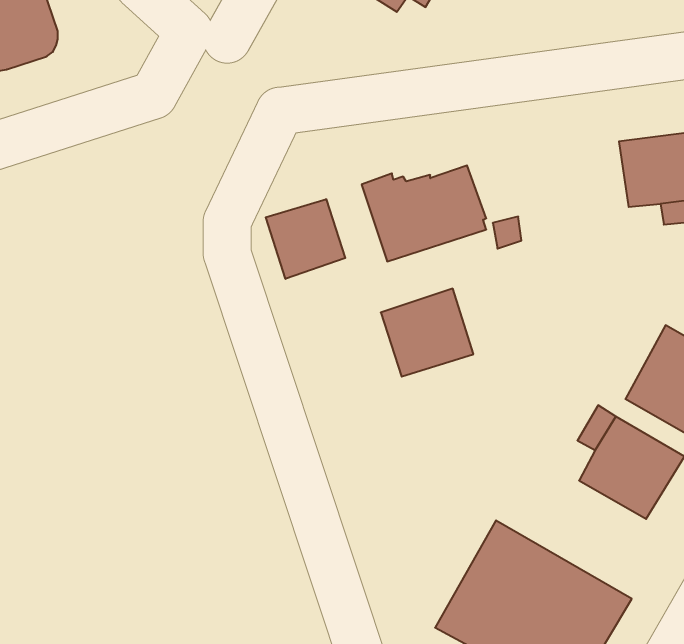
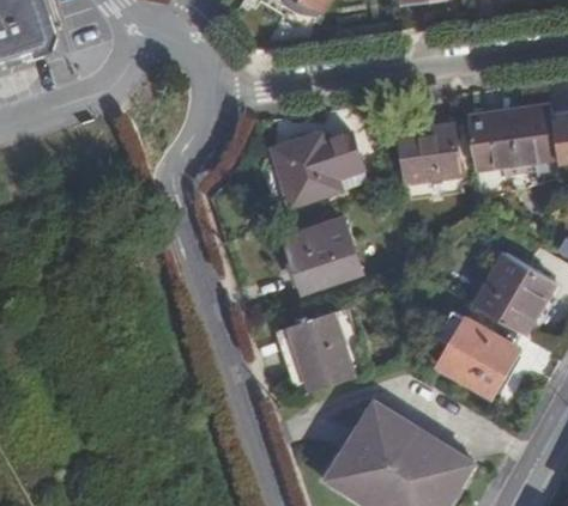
building: none -> [398,123,460,179]
building: [266,199,345,279] -> none
building: none -> [279,309,379,397]

